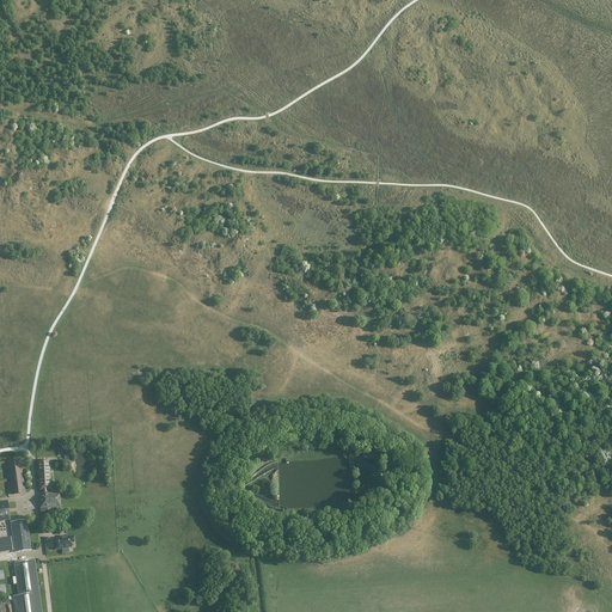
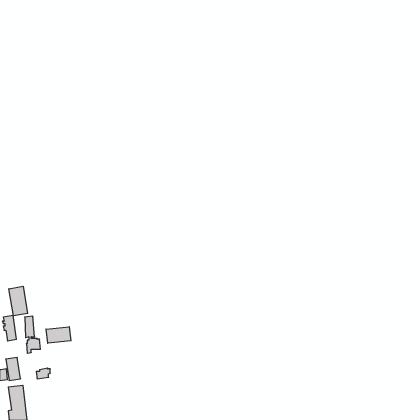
building: none -> [9,286,28,316]
building: none -> [46,327,71,343]

